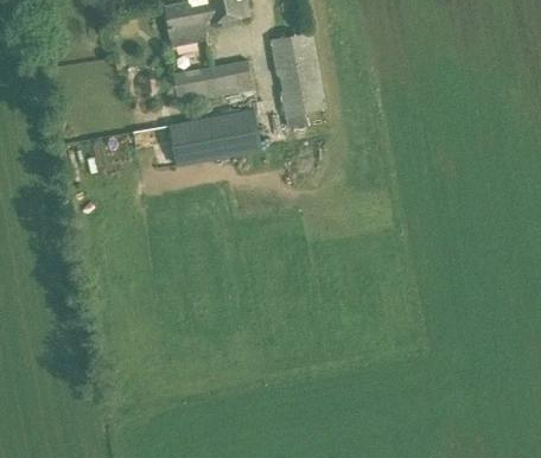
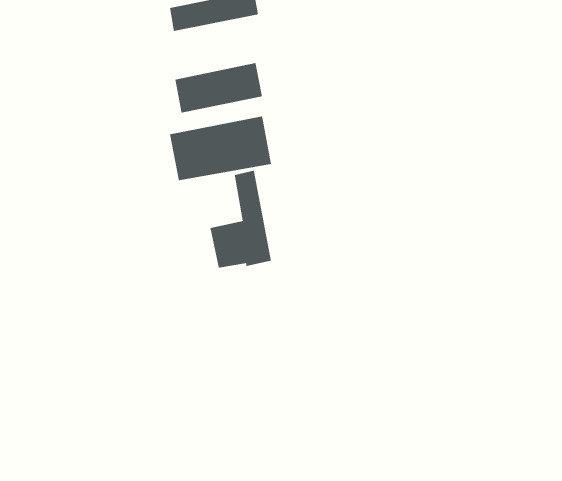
building: [269,32,326,129] -> none
building: none -> [210,170,271,269]

